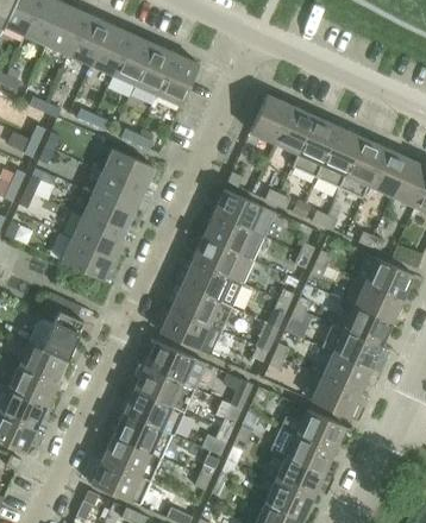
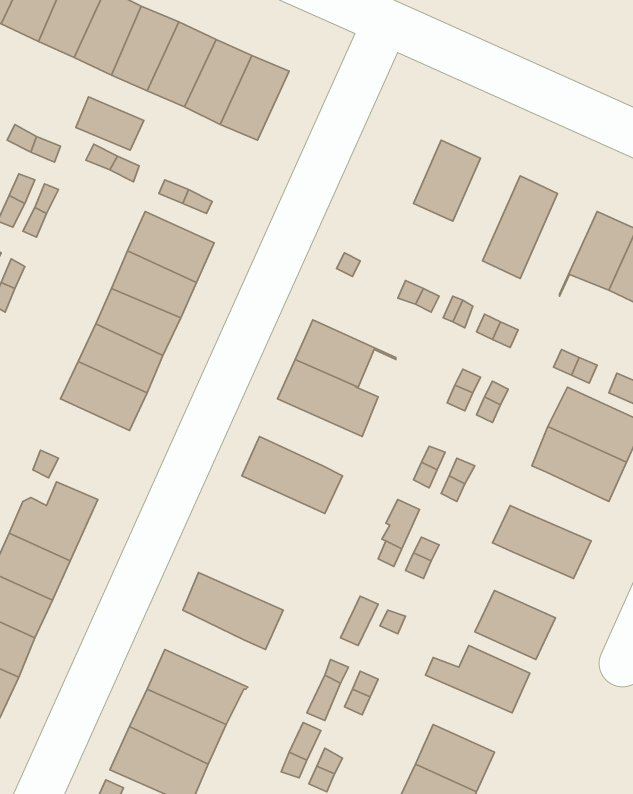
building: none -> [76,97,144,150]
building: [250,95,290,144] -> none
building: [292,116,338,178] -> none
building: [338,138,384,199] -> none
building: [213,190,274,237] -> none
building: [181,262,243,307] -> none
building: [343,305,391,347] -> none
building: [159,308,220,355] -> none
building: [144,341,206,389] -> none
building: [322,353,370,393] -> none
building: [124,389,184,435] -> none
building: [270,428,333,474] -> none

